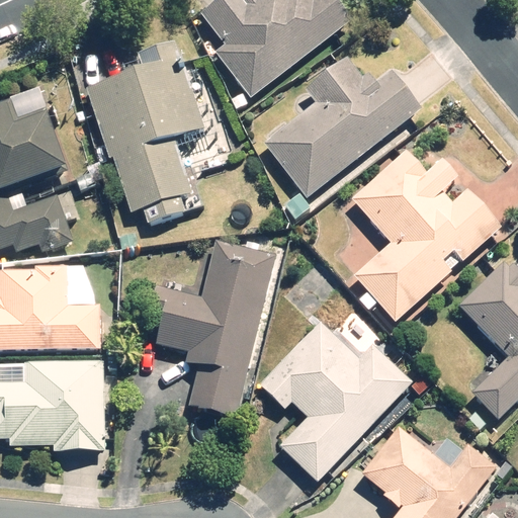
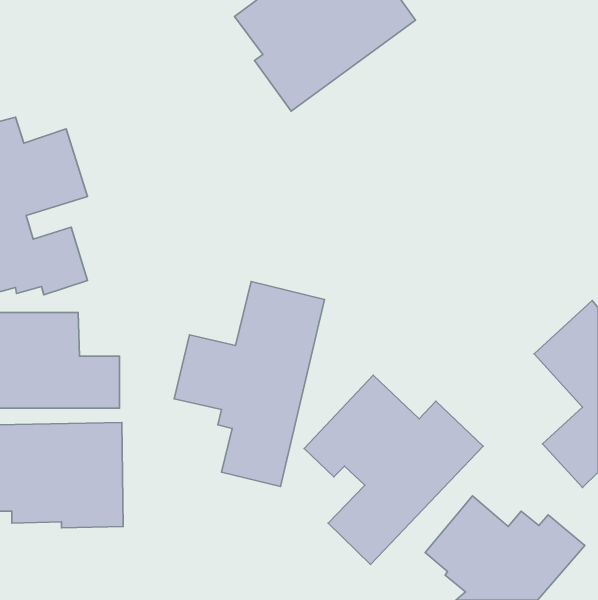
building: [83,41,221,226] -> none
building: [257,56,422,197] -> none
building: [347,144,503,319] -> none

